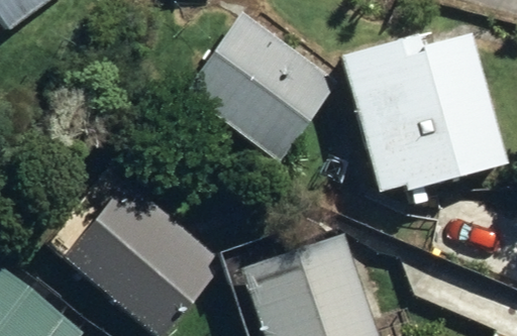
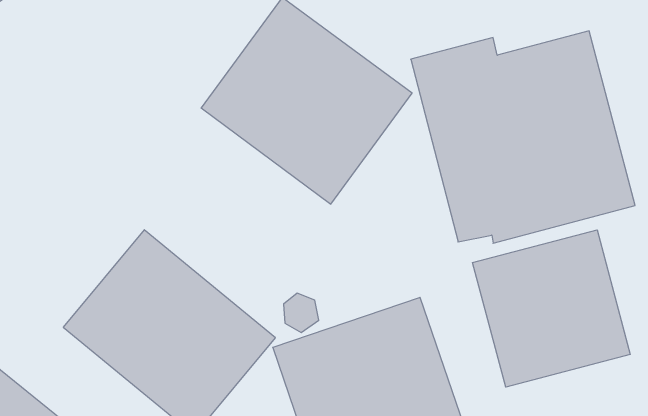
building: none -> [473,230,630,387]

